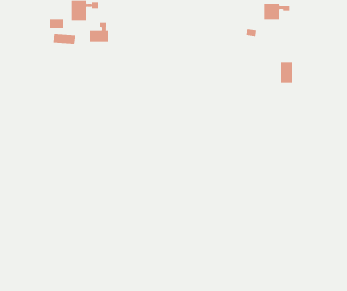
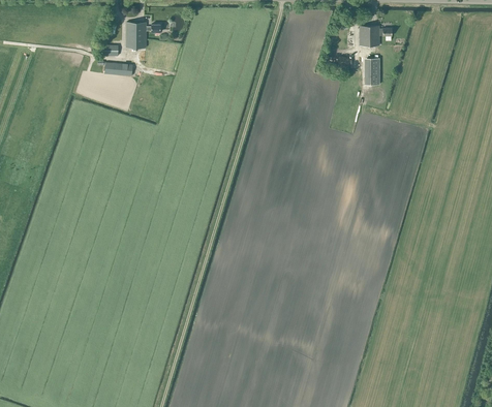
building: [89,22,108,43] -> none
building: [280,62,293,83] -> [364,58,379,84]

